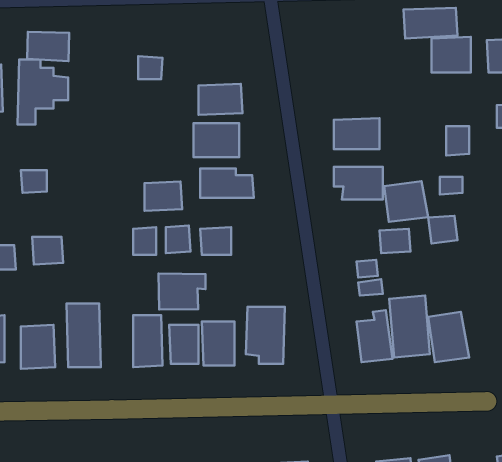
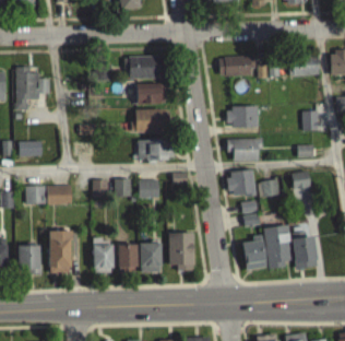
building: [404,8,457,39] -> [218,56,254,77]
building: [27,32,69,61] -> none
building: none -> [124,56,160,79]
building: [384,181,428,222] -> [227,170,257,198]
building: [145,181,182,211] -> [47,185,72,204]
building: [159,274,206,309] -> none

